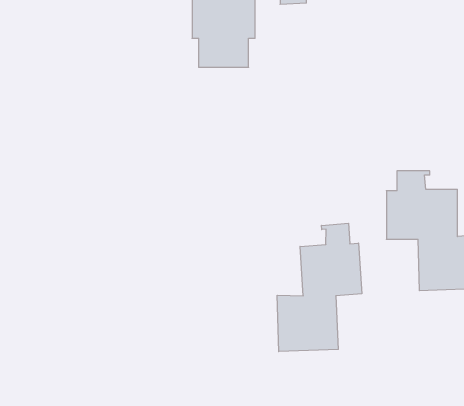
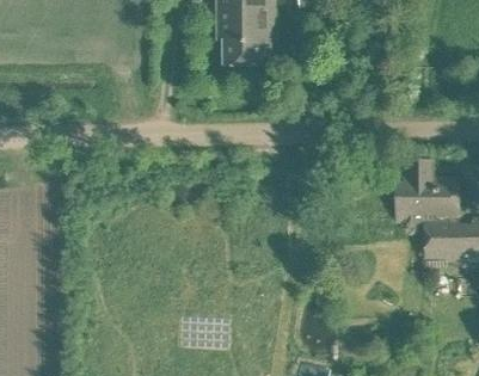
building: [277,223,362,352] -> none

